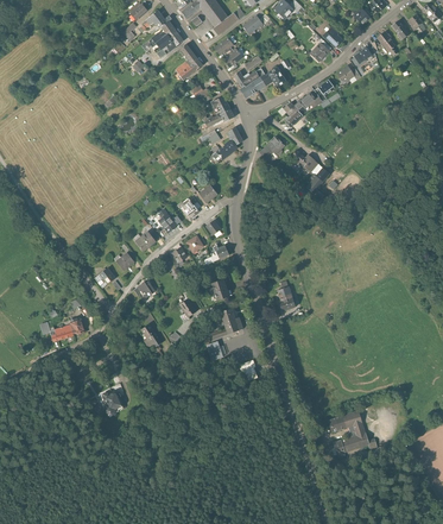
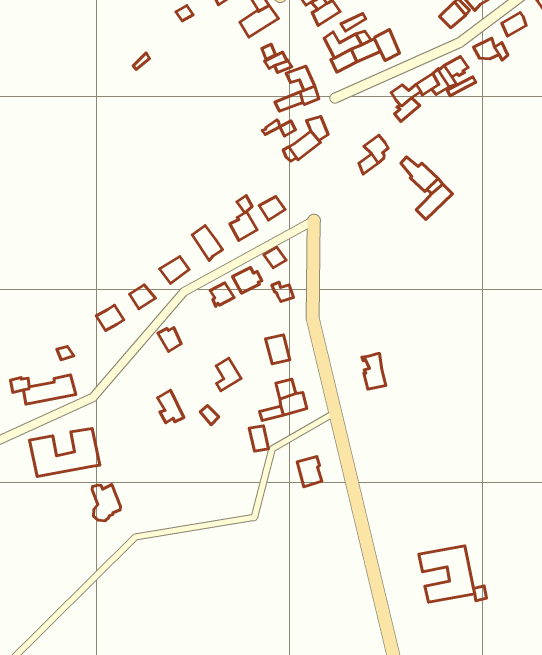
building: none -> [30,429,100,477]

